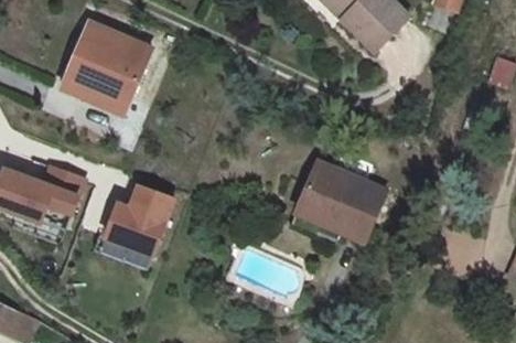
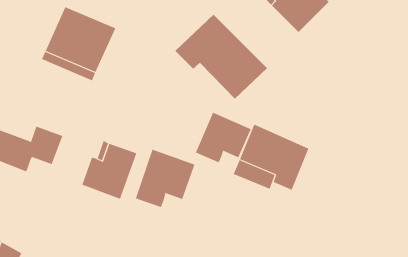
building: none -> [175,14,268,99]
building: none -> [195,112,252,163]
building: none -> [135,149,195,208]

